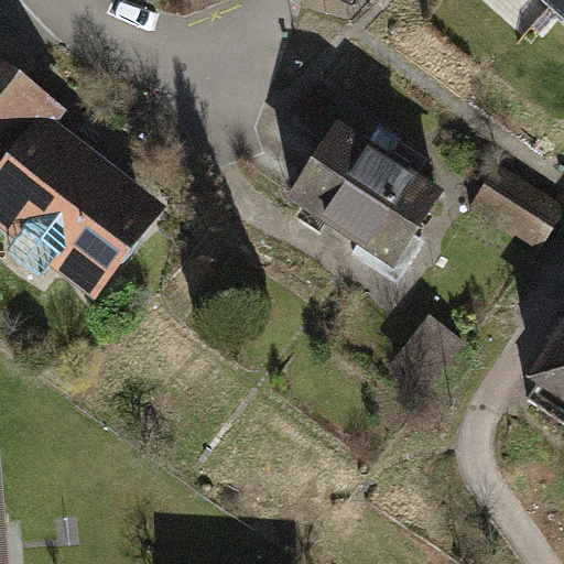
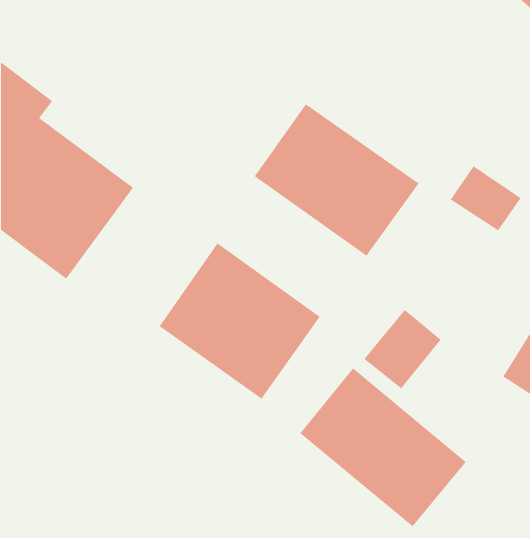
building: none -> [159,242,320,400]
building: none -> [300,367,466,527]

